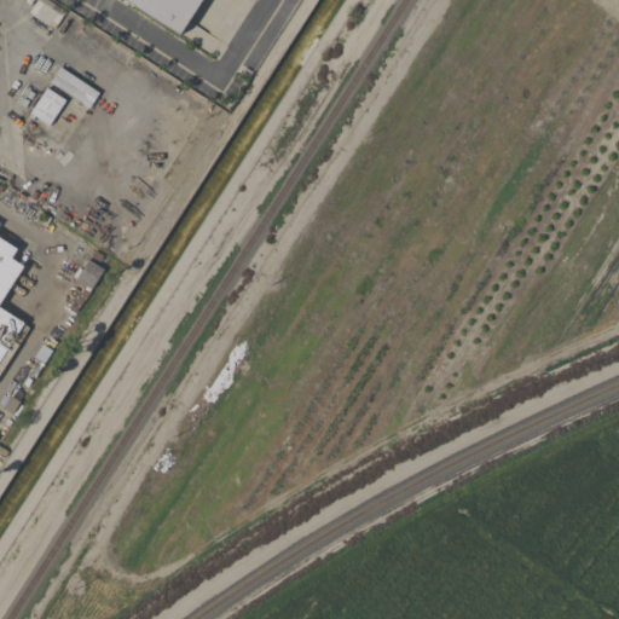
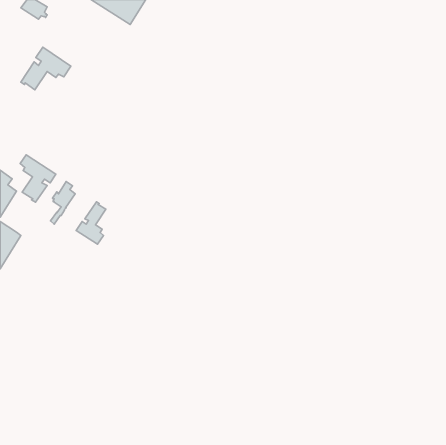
building: none -> [20,155,56,202]
building: none -> [76,202,106,244]

